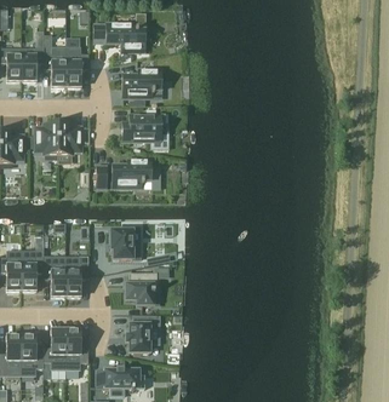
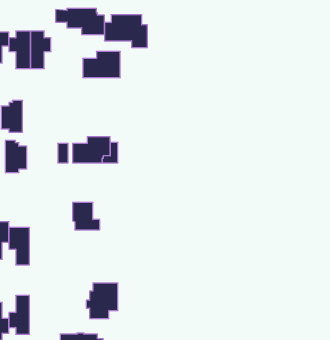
building: [122,114,168,149] -> [104,15,147,48]
building: [58,121,81,155] -> [5,141,27,172]
building: [65,257,88,297] -> none
building: [126,272,158,305] -> none
building: [65,329,88,371] -> none

